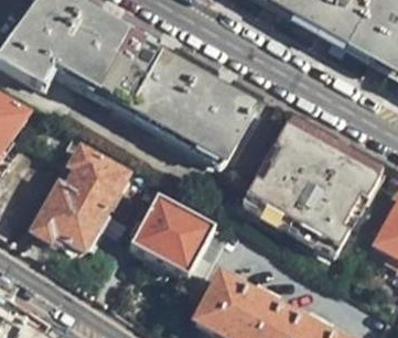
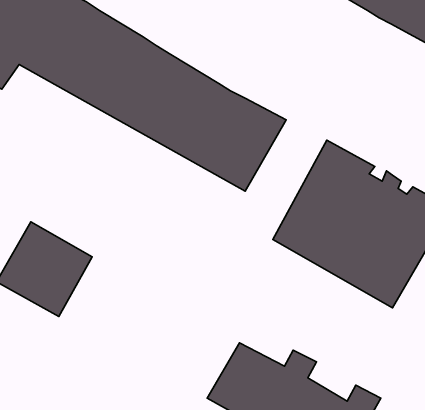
building: [62,150,129,211] -> none
building: [130,197,213,281] -> none

